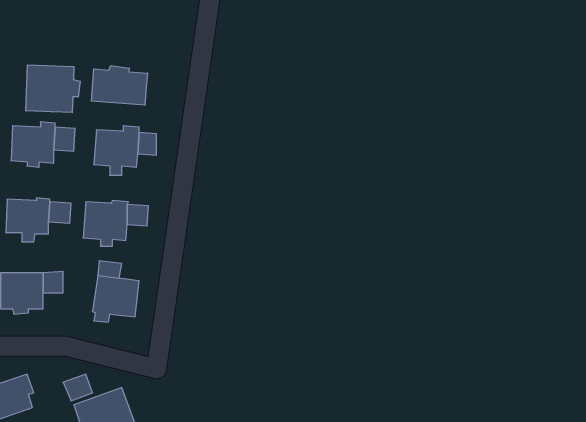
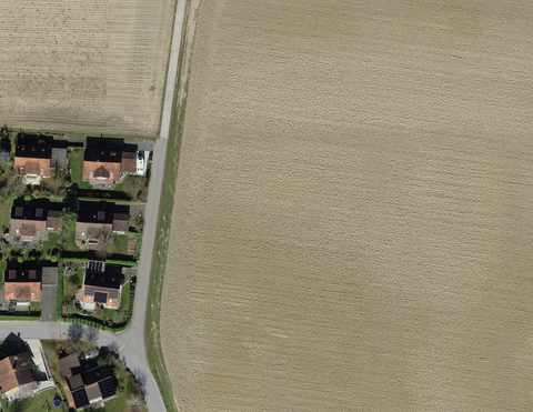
building: [26,65,80,113] -> none
building: [91,66,147,105] -> none

